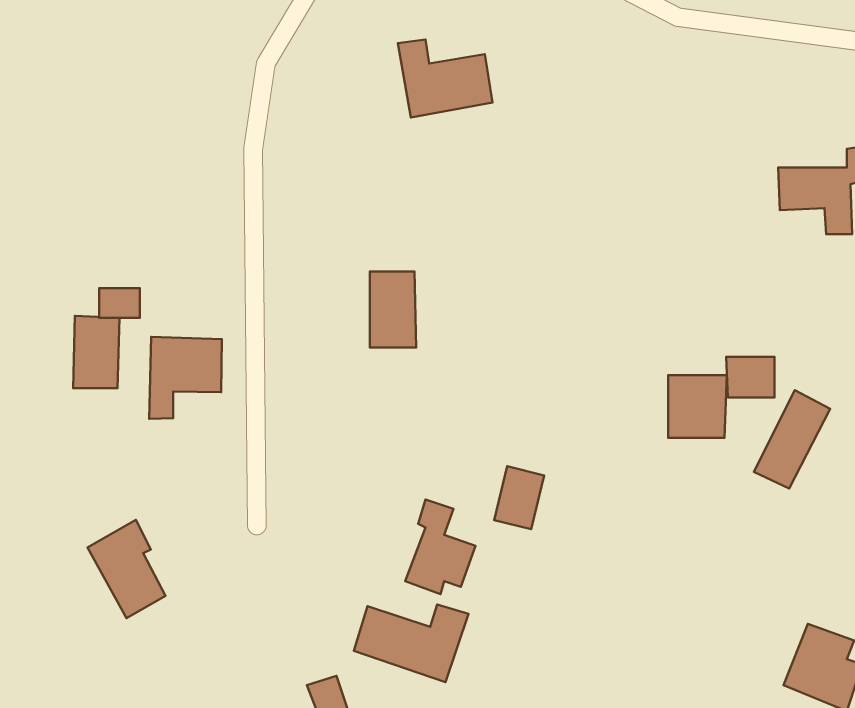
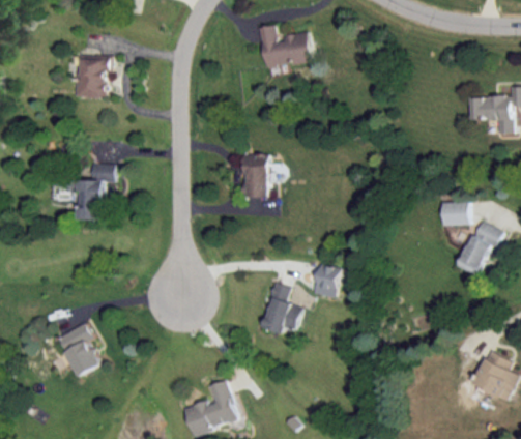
building: none -> [74,55,108,97]
building: [149,337,222,419] -> none
building: [668,375,727,438] -> none
building: [88,520,166,618] -> [57,322,100,377]
building: [354,604,468,682] -> none

